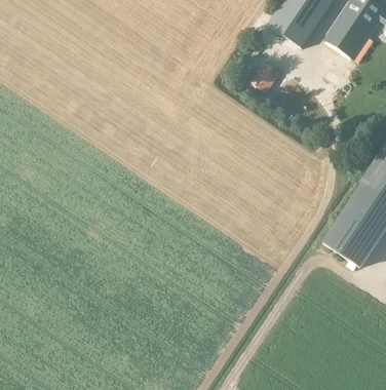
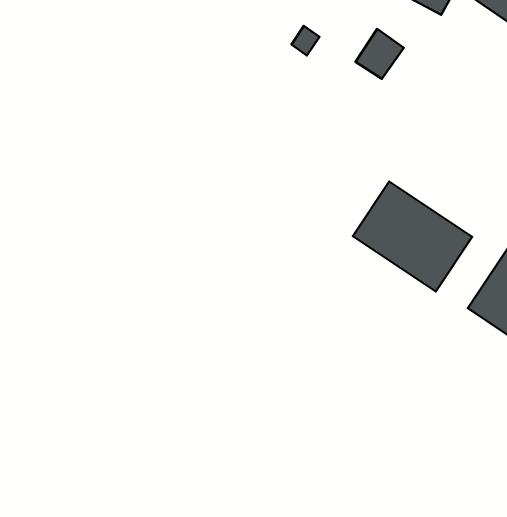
building: none -> [353,182,472,291]

